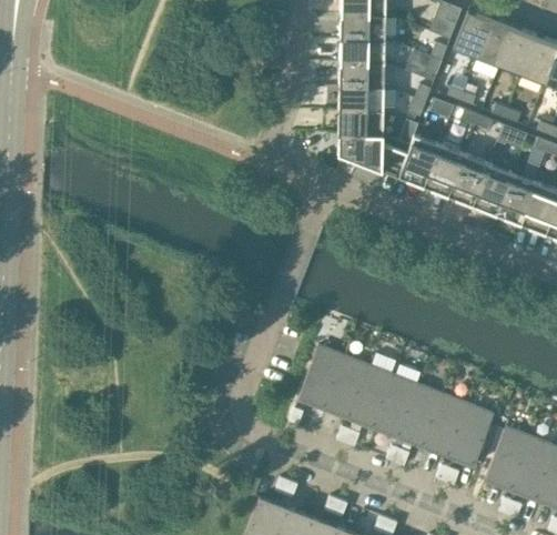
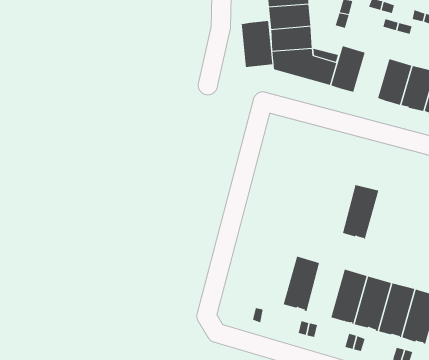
building: none -> [241,20,273,68]
building: [423,145,464,196] -> none
building: [298,346,344,408] -> none
building: [350,367,394,427] -> [342,185,379,239]

